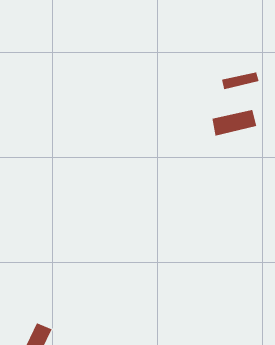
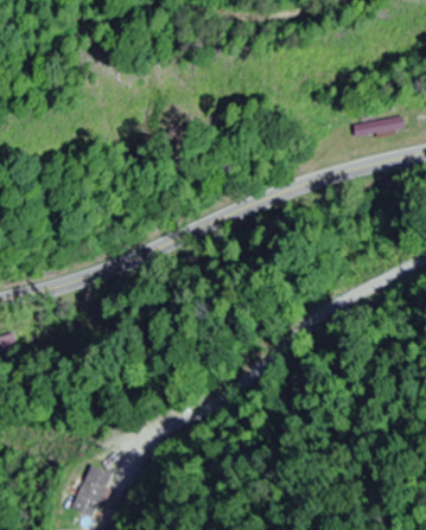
building: [212,109,257,136] -> none

